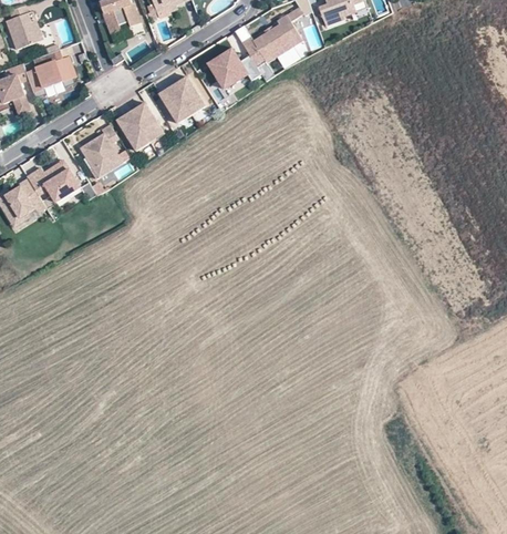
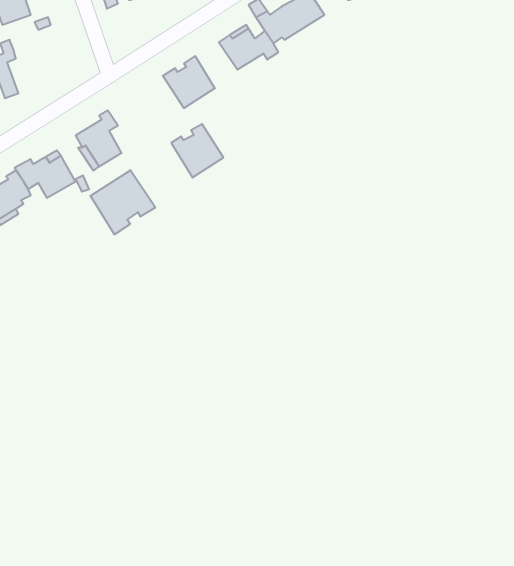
building: [25,53,75,96] -> none
building: [117,102,164,150] -> [171,124,223,178]
building: none -> [90,170,155,235]

